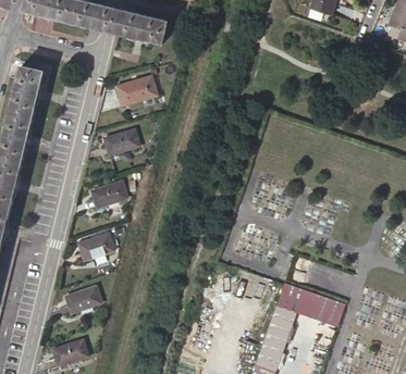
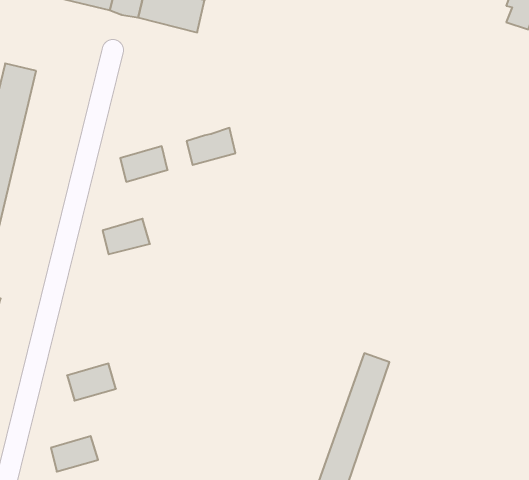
building: [118,76,153,103] -> [187,128,235,165]
building: [78,235,113,260] -> none
building: [290,286,345,328] -> none

